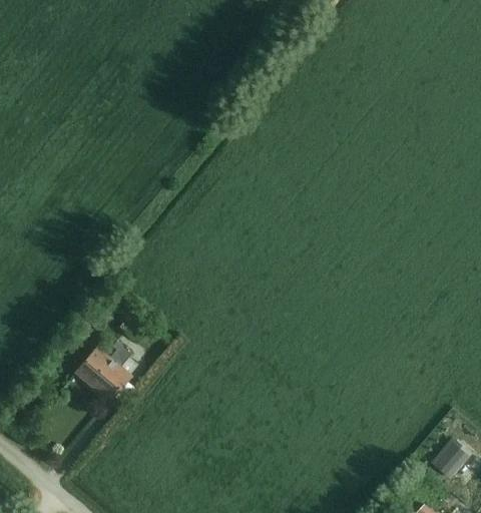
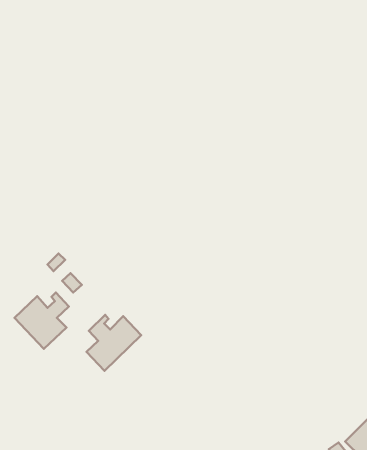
building: none -> [86,315,141,371]

